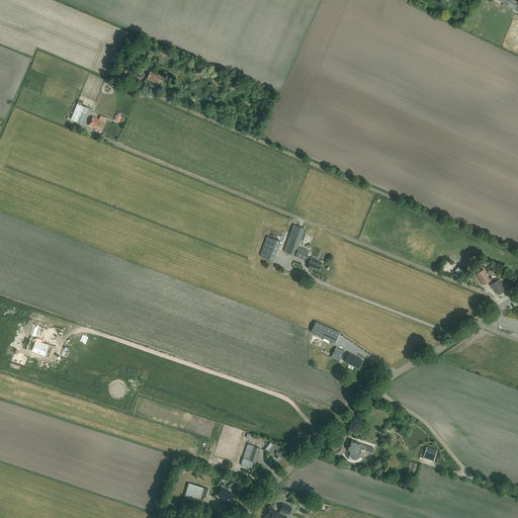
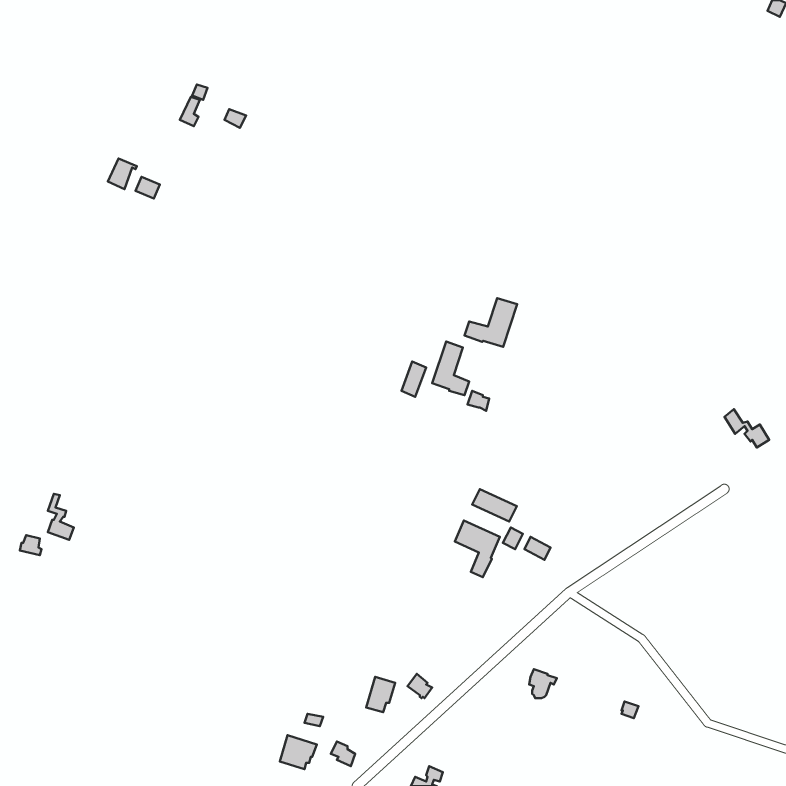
building: none -> [465,298,517,347]
building: none -> [455,520,500,577]

